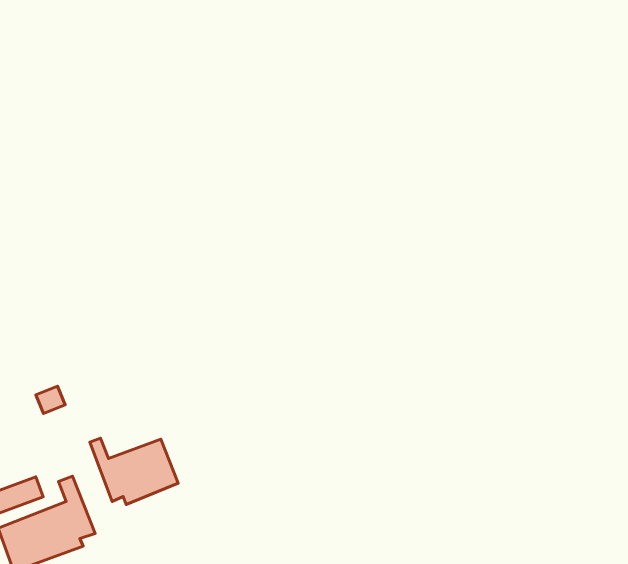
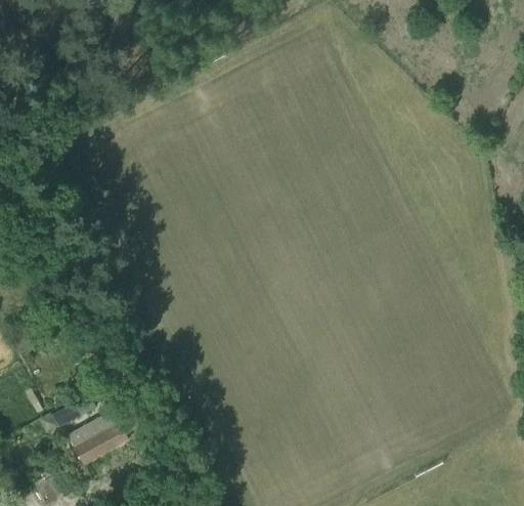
building: [90,438,178,505] -> none

